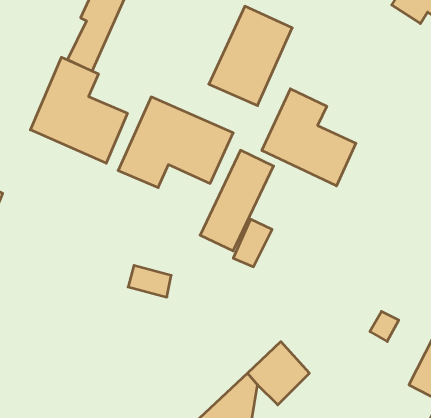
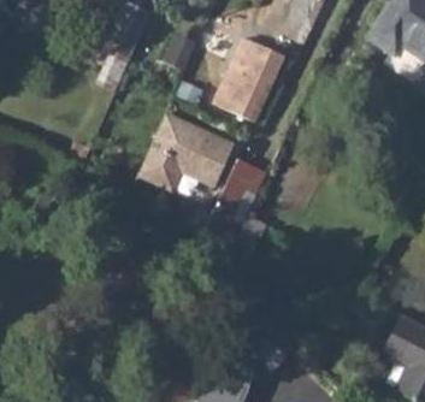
building: [30,57,127,163] -> none
building: [262,89,356,186] -> none

